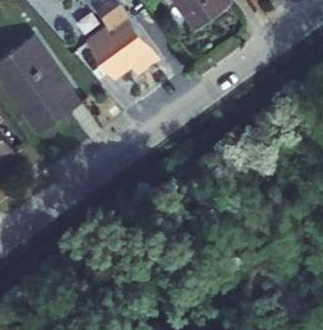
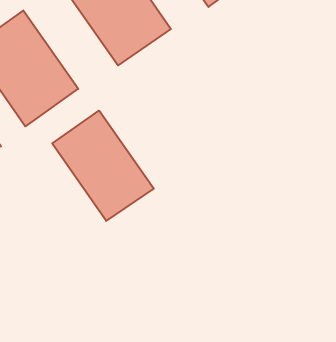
building: none -> [52,111,154,221]

